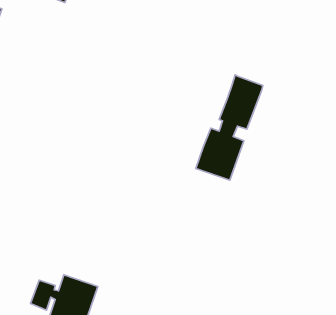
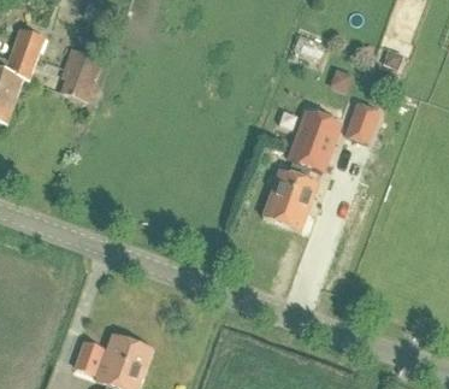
building: none -> [63,46,104,100]
building: none -> [343,102,379,146]

